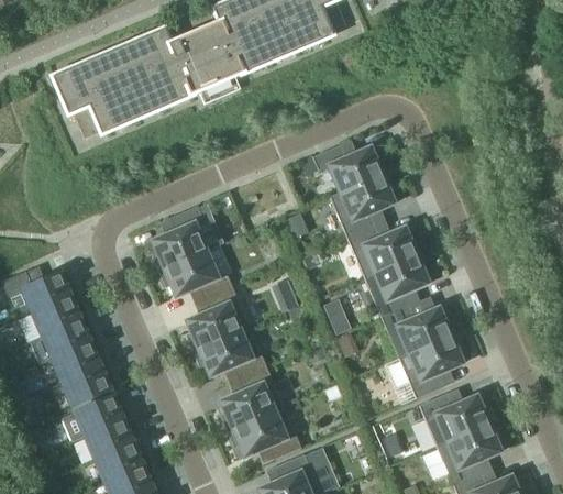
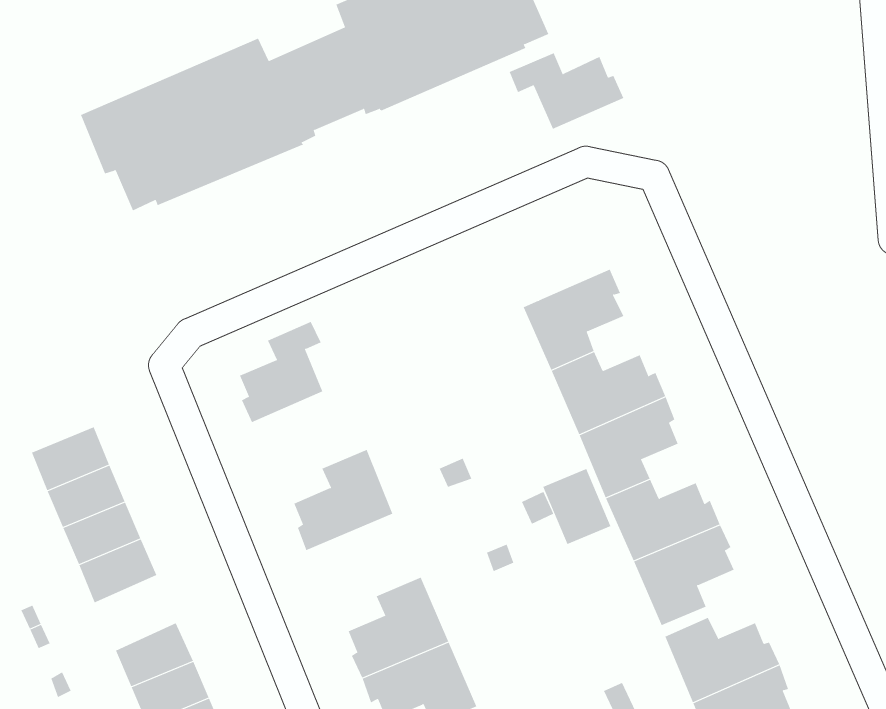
building: [313,144,386,193] -> [509,53,624,130]
building: [161,250,233,298] -> none
building: none -> [543,468,611,545]
building: [195,327,267,378] -> none
building: [62,365,111,406] -> none

